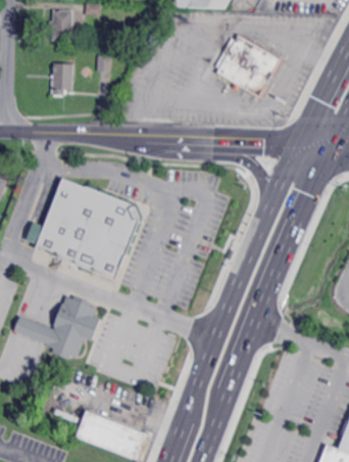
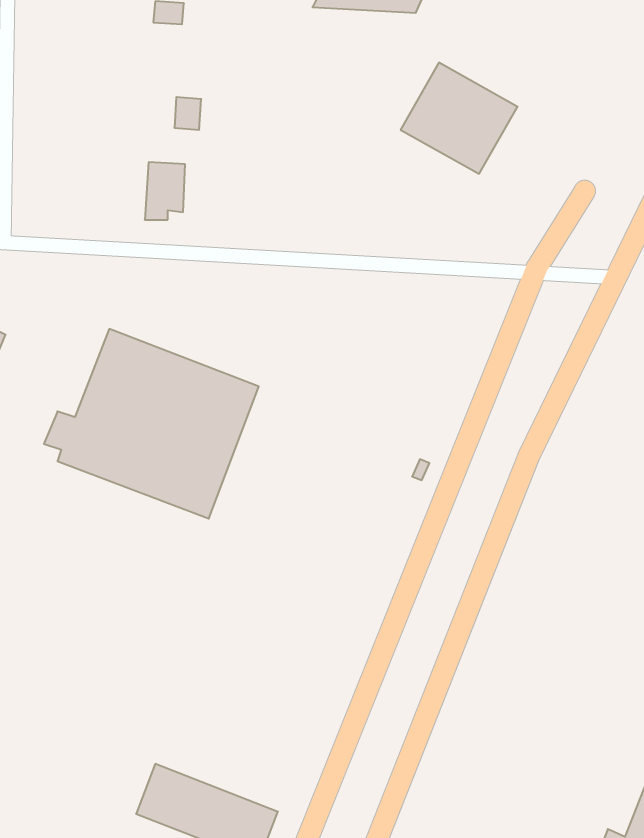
building: [50,9,73,41] -> none
building: [52,63,73,94] -> [145,162,185,220]
building: [13,295,102,360] -> none

